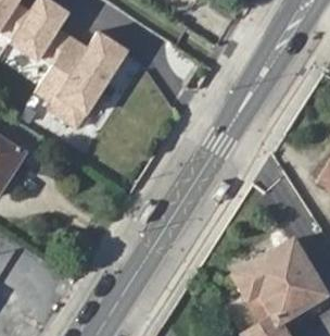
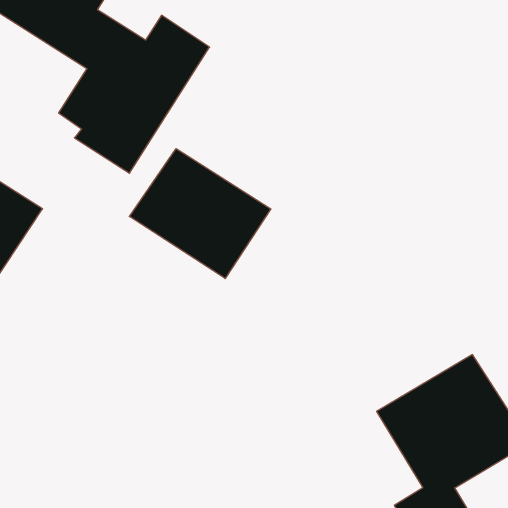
building: none -> [129,149,271,279]

